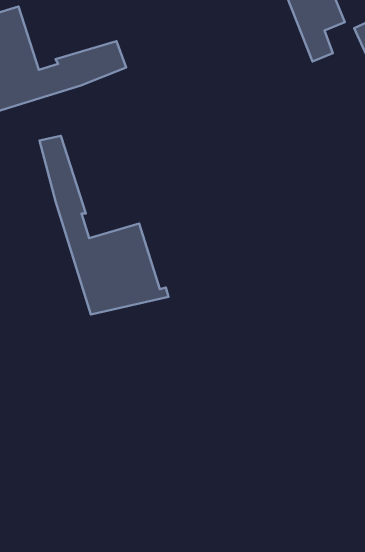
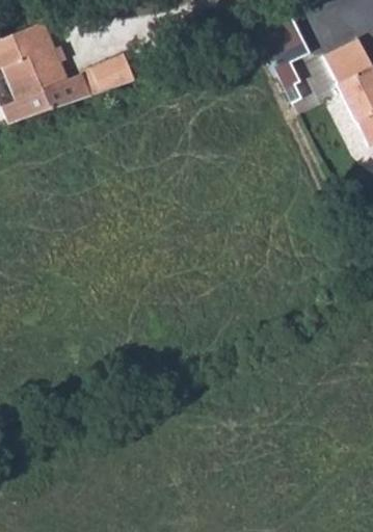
building: [40,136,168,315] -> none

